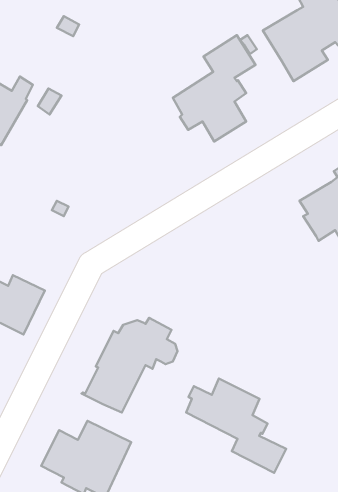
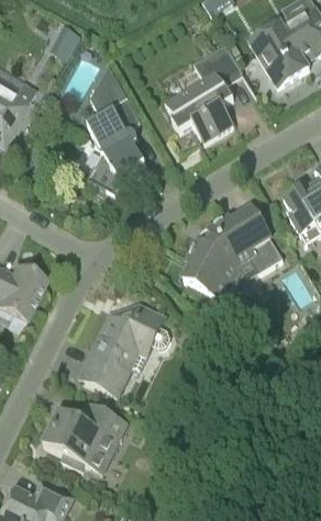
building: none -> [88,67,145,195]
building: none -> [184,208,283,298]
building: [186,378,286,473] -> none

